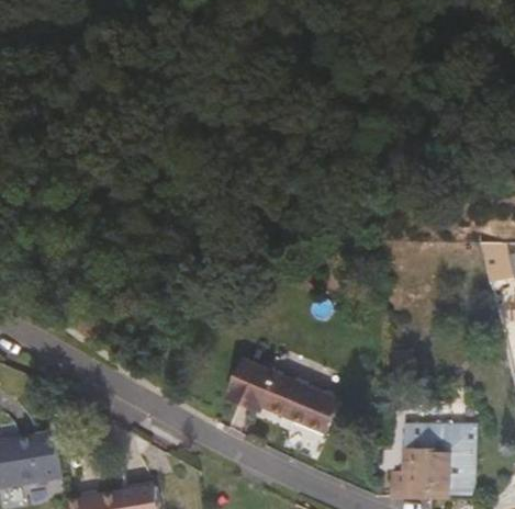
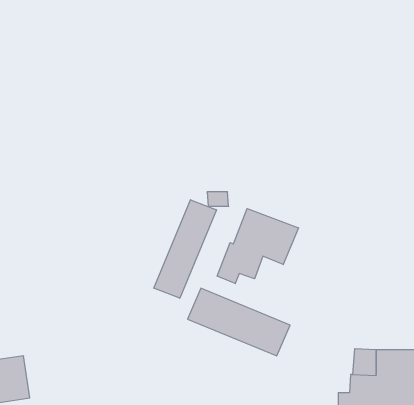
building: none -> [154,200,216,298]
building: none -> [217,209,298,284]

